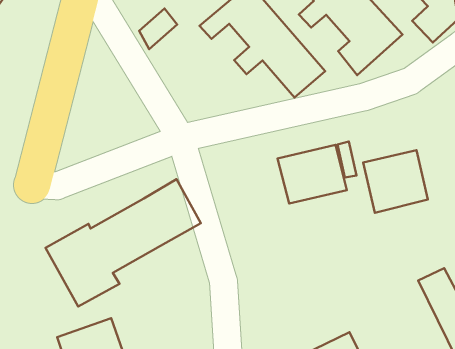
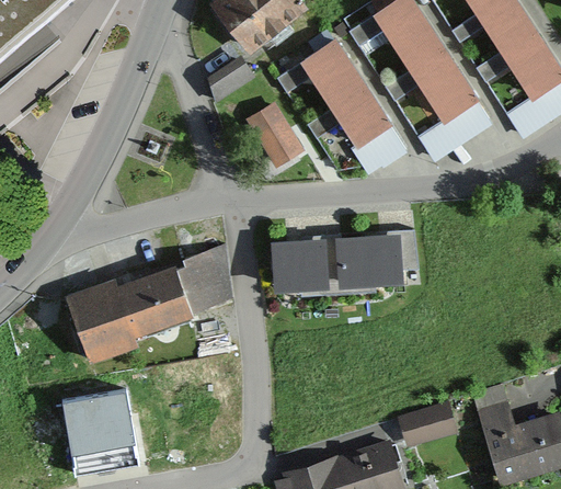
building: none -> [245,100,301,166]
building: [363,150,428,213] -> none
building: none -> [274,238,342,295]
building: none -> [398,402,457,450]

